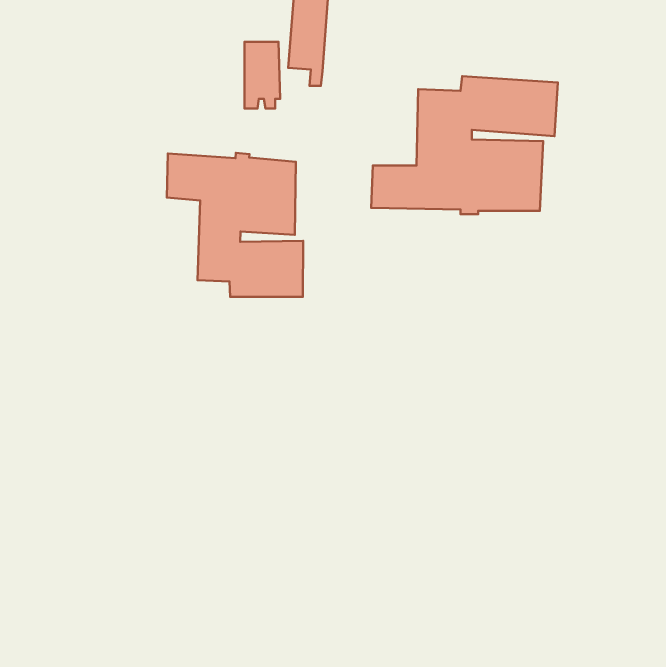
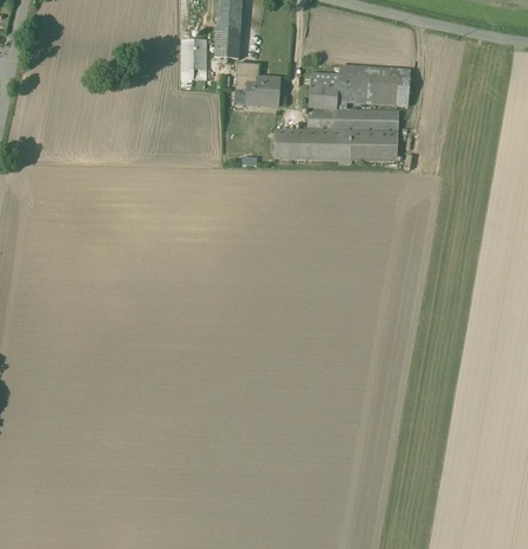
building: none -> [236,75,281,106]
building: [167,153,303,297] -> none

